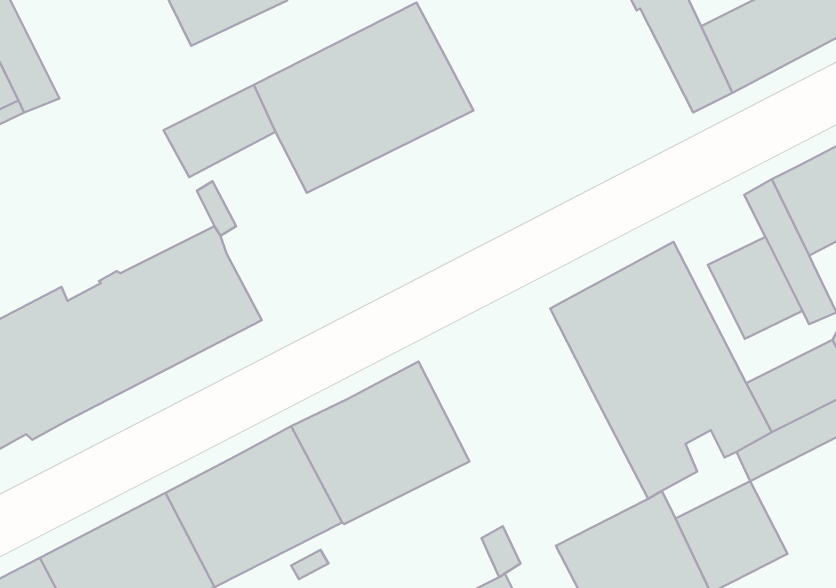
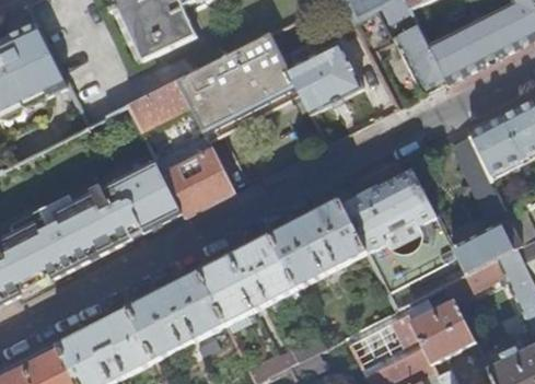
building: none -> [288,40,363,113]
building: none -> [163,148,235,216]
building: [708,237,802,339] -> none
building: none -> [270,197,368,287]

